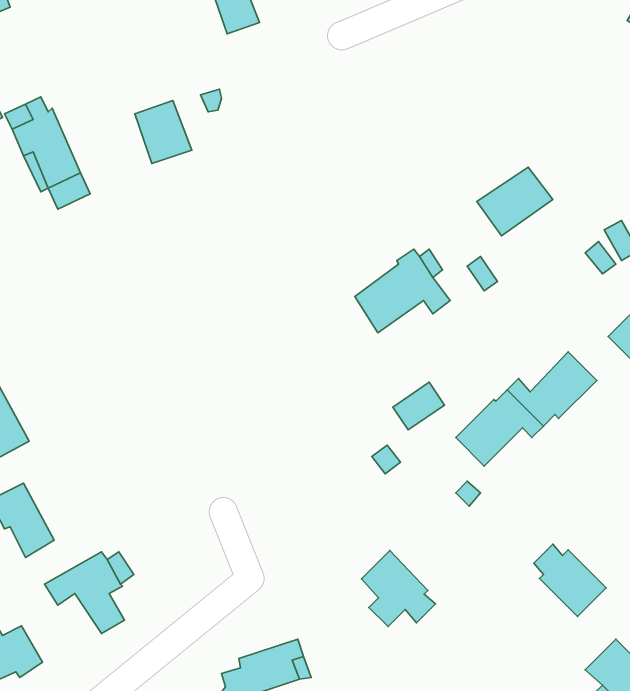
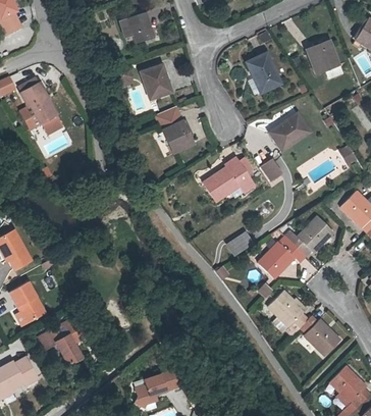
building: none -> [308,43,339,74]
building: none -> [247,53,280,93]
building: [135,101,192,163] -> [142,65,172,99]
building: none -> [159,113,194,153]
building: [361,550,436,627] -> [268,291,308,331]

